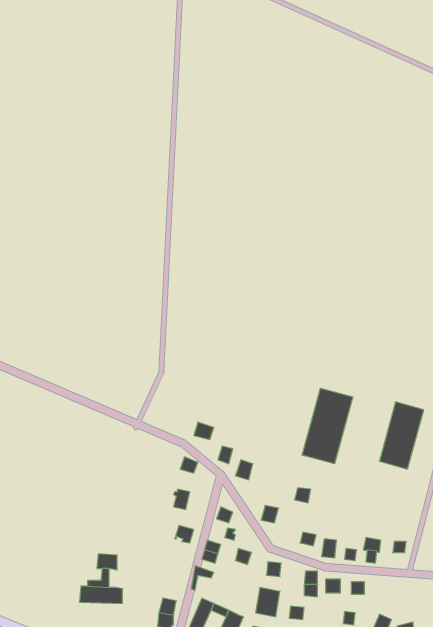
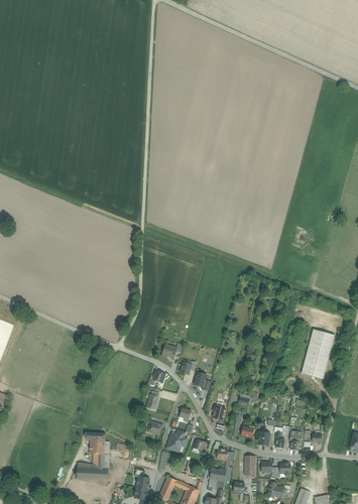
building: [302,388,353,464] -> none

